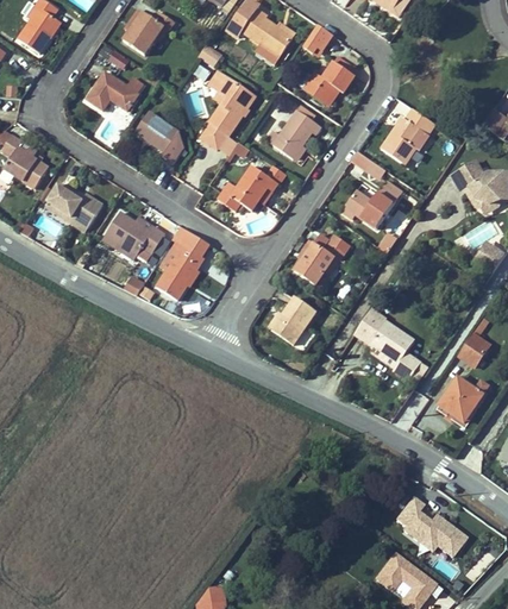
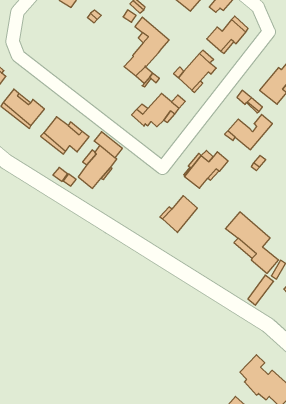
building: [86,70,138,111] -> none
building: [134,112,183,163] -> none

